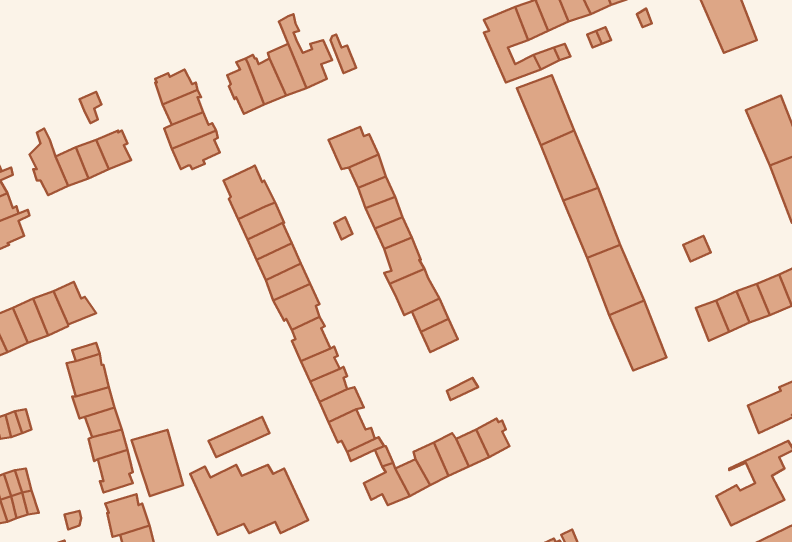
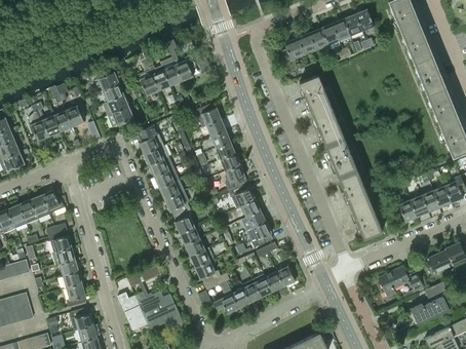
building: none -> [414,55,445,94]
building: none -> [246,222,272,248]
building: none -> [378,267,424,297]
building: [132,430,183,496] -> none

